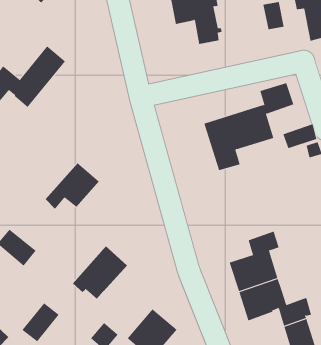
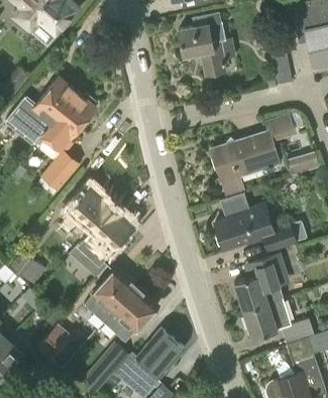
building: none -> [39,92,96,191]
building: none -> [213,191,295,254]
building: none -> [78,207,131,277]
building: none -> [105,287,157,342]

